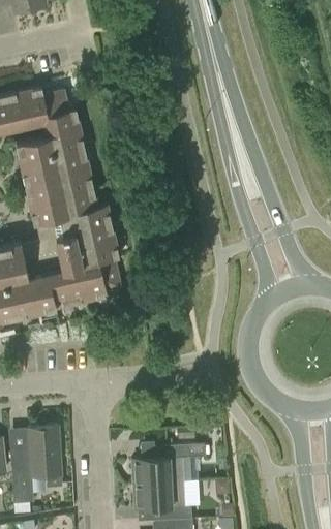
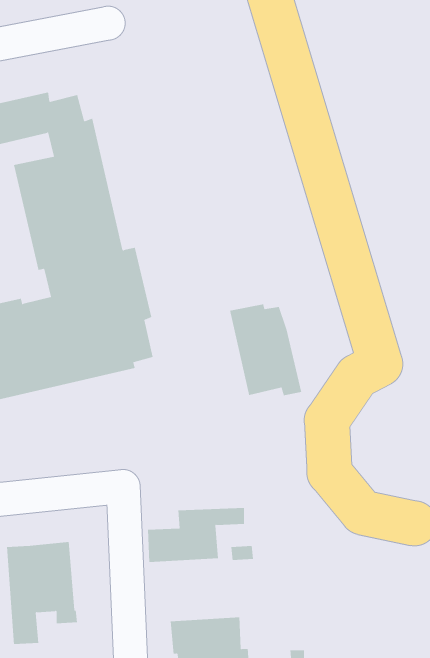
building: none -> [229,304,302,396]
building: [132,444,206,486] -> [147,508,245,562]

